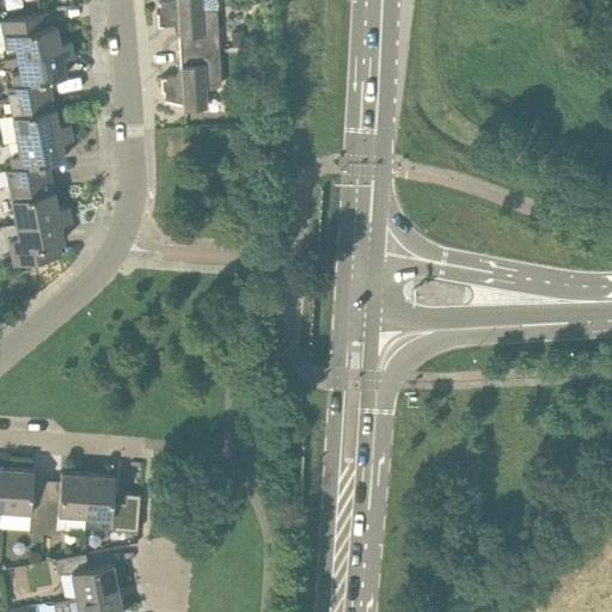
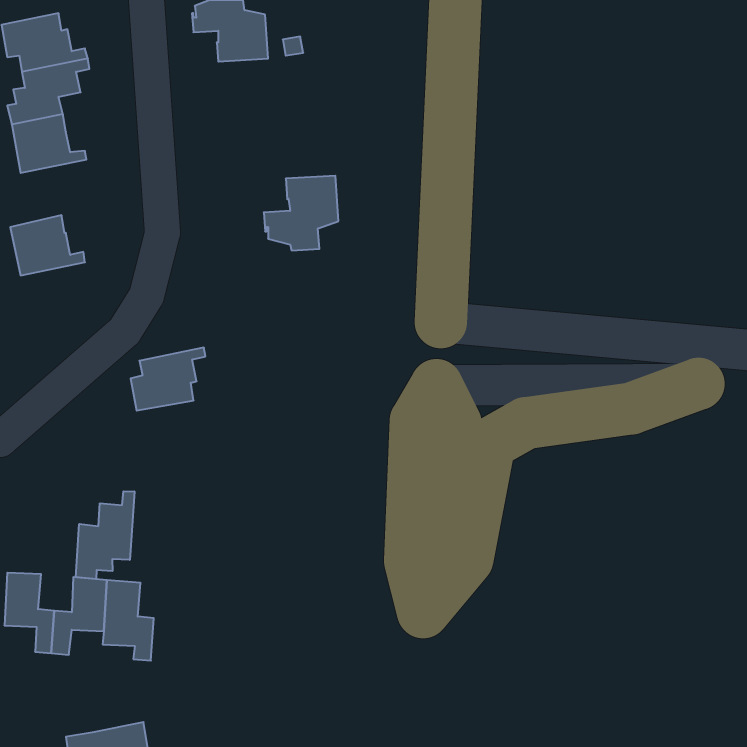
building: [161,49,222,110] -> [264,176,338,250]
building: [7,131,73,186] -> none
building: [11,215,72,267] -> [131,348,205,411]
building: none -> [76,491,134,579]
building: [56,555,118,599] -> none

